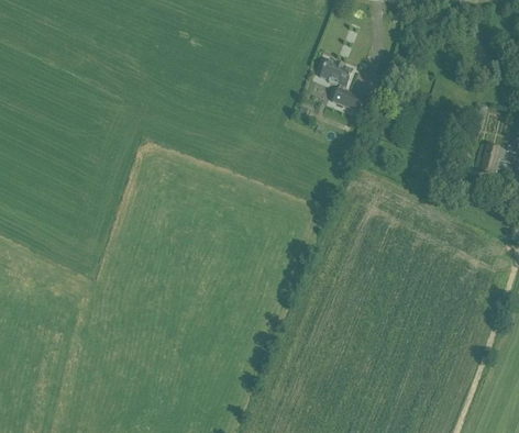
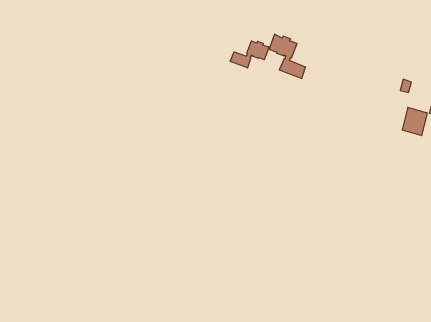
building: none -> [230,41,269,68]

